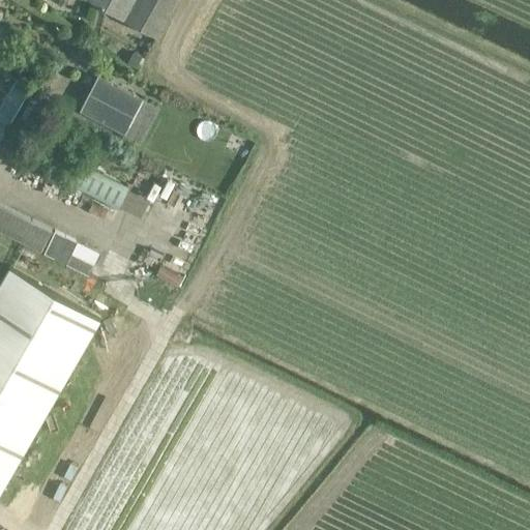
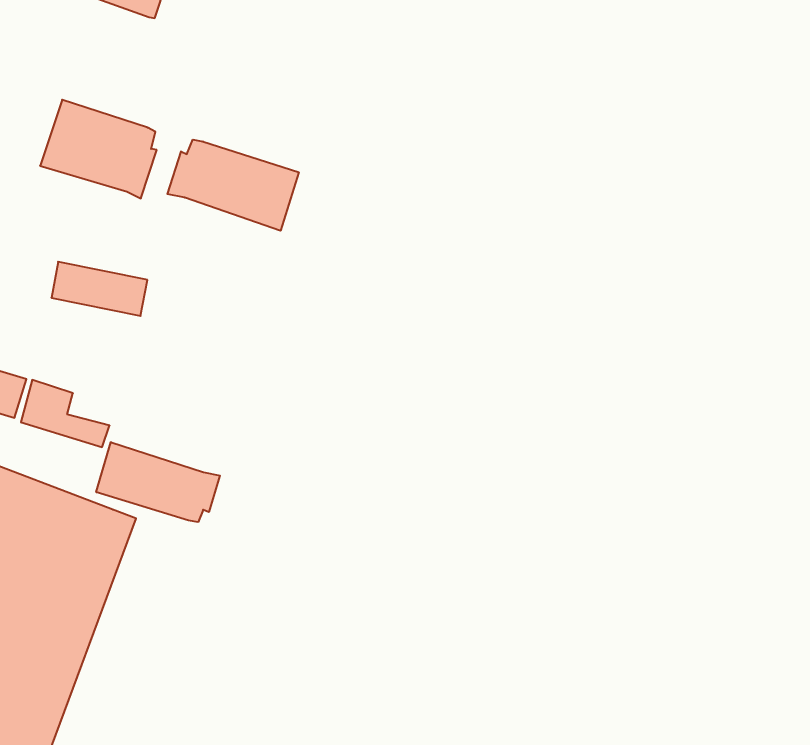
building: none -> [167,140,299,231]
building: none -> [96,442,220,522]

